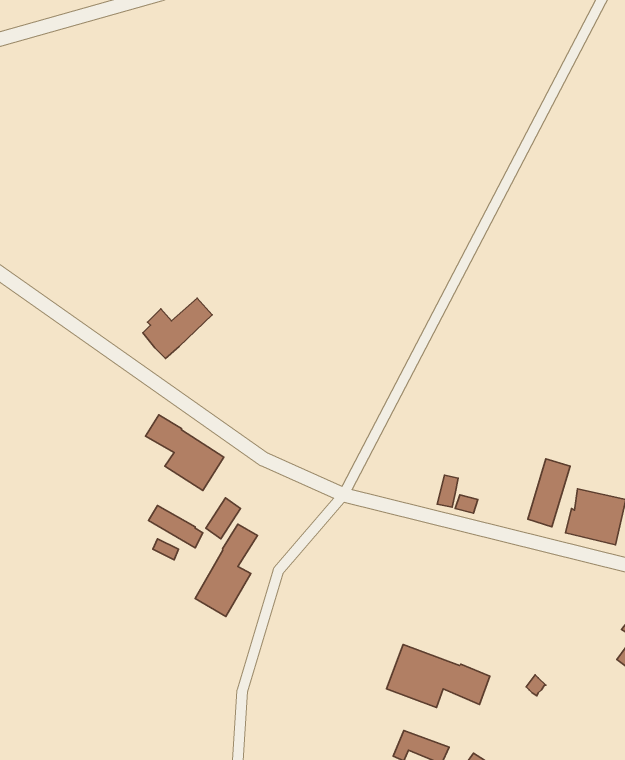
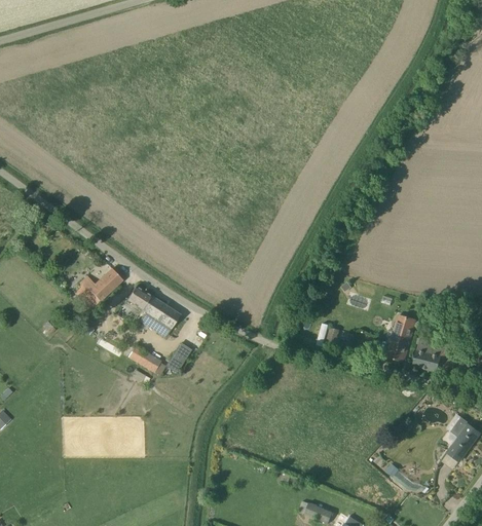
building: [143,298,212,359] -> [75,268,122,309]
building: [195,524,257,616] -> none
building: [387,645,490,707] -> none

